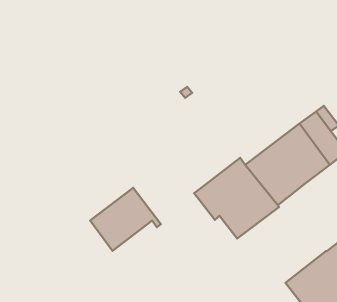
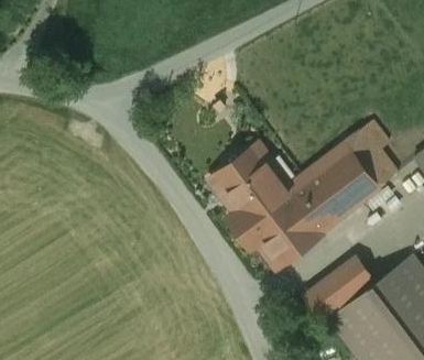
building: [90,188,161,251] -> [209,143,289,214]
building: none -> [304,258,376,323]

